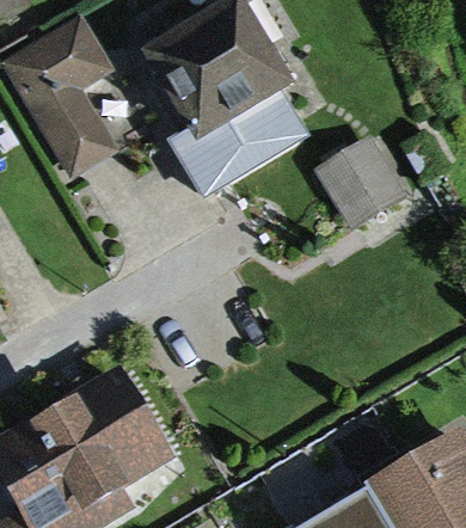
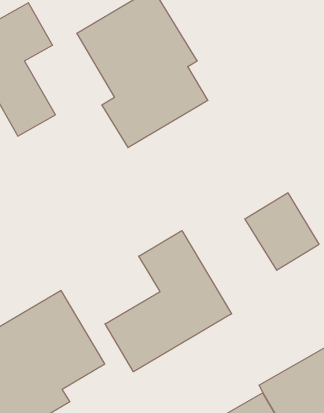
building: [313,133,405,228] -> [245,193,319,270]
building: none -> [105,231,232,372]

